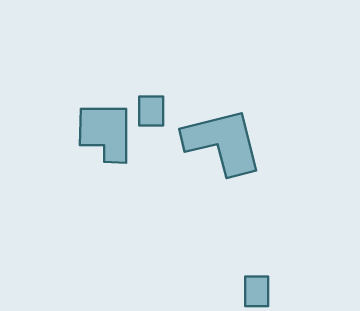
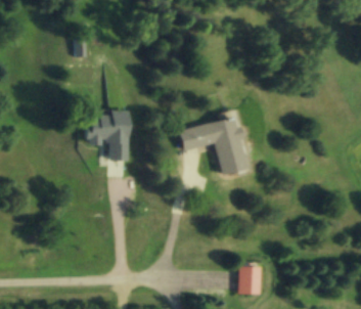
building: [139,96,163,125] -> none

